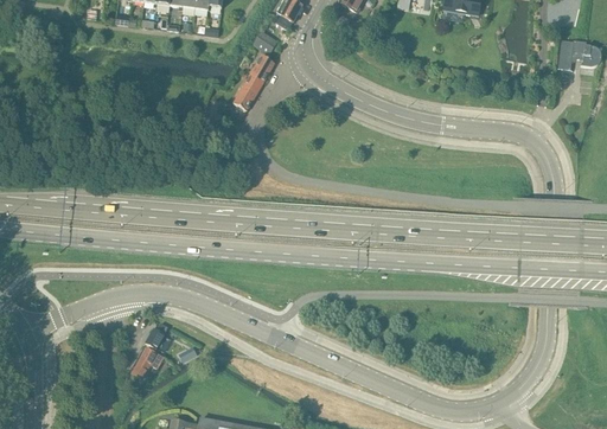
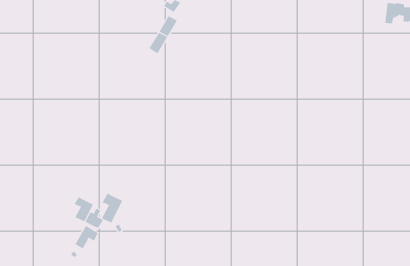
building: none -> [101,193,123,224]
building: none -> [74,197,94,222]

